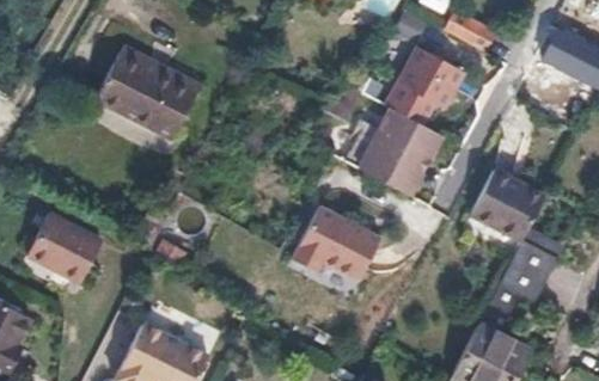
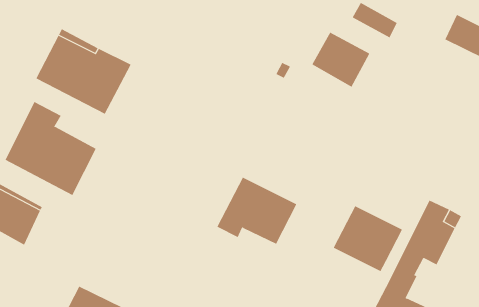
building: [355,106,440,193] -> none
building: none -> [5,101,97,196]
building: [467,168,544,241] -> [333,205,403,272]

